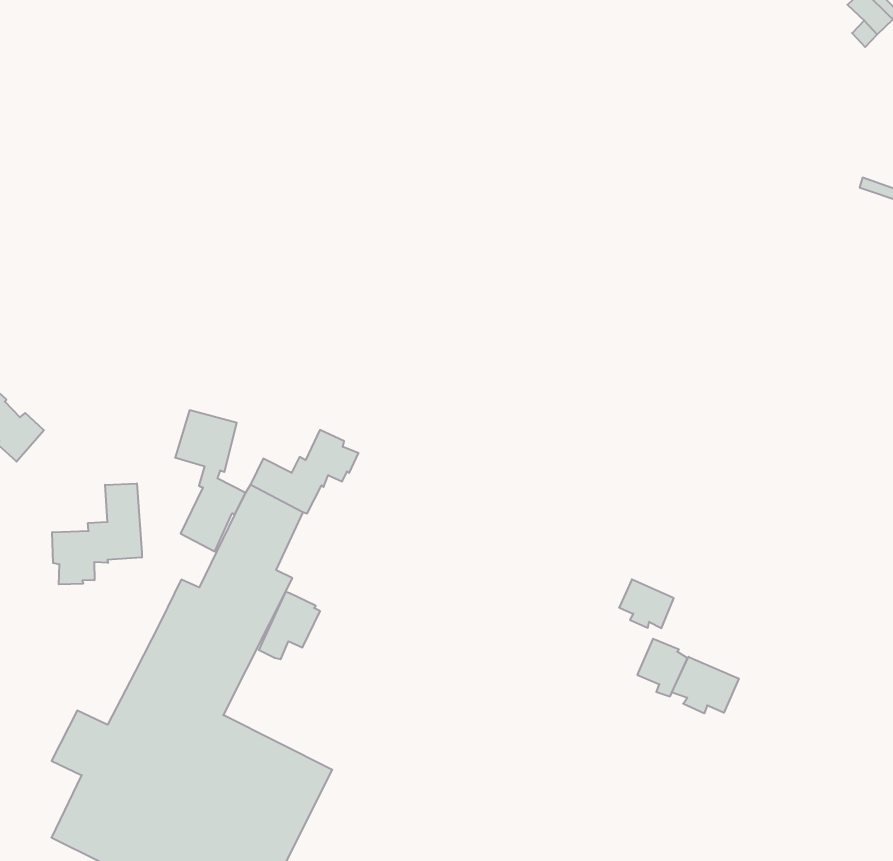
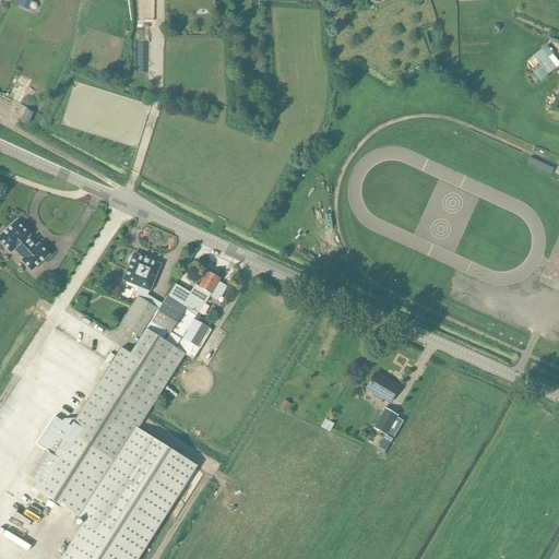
building: [52,483,142,584] -> none
building: [259,592,320,659] -> [175,317,212,355]
building: [672,657,739,713] -> none

